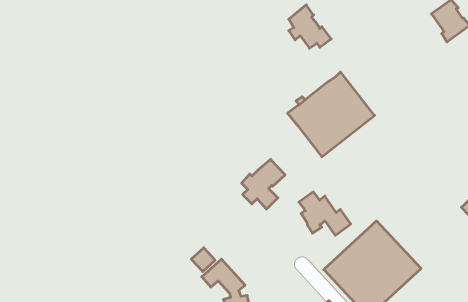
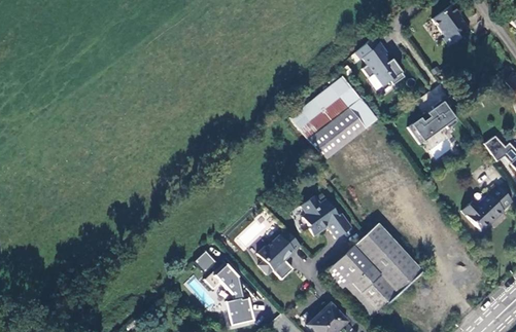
building: [289,5,331,48] -> [364,42,406,85]
building: none -> [409,100,458,144]
building: [242,159,285,209] -> [259,230,302,280]

